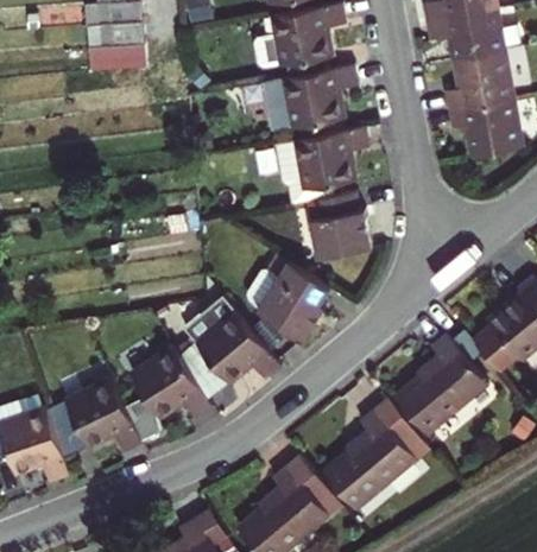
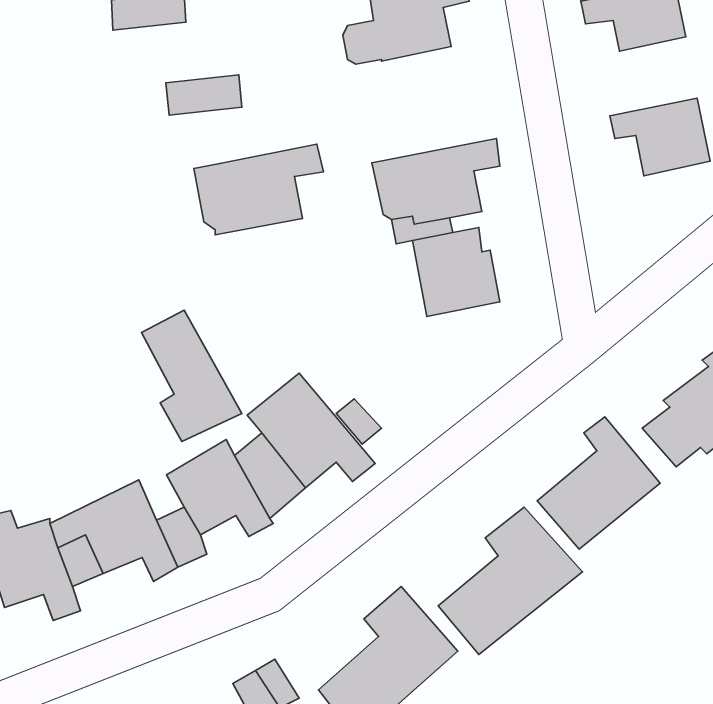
building: [86,43,141,72] -> [166,75,242,115]
building: [447,53,514,112] -> none
building: [265,66,360,133] -> [194,144,323,235]
building: [242,254,328,338] -> none
building: none -> [141,310,242,442]

